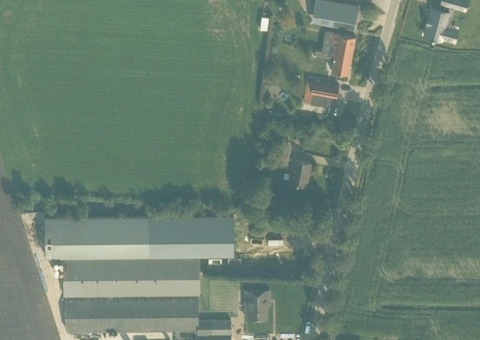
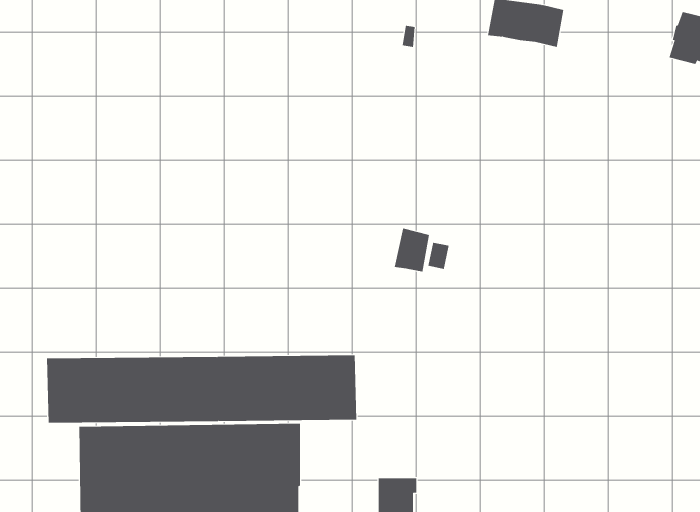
building: [320,33,354,75] -> none
building: [303,81,337,106] -> none
building: [288,160,309,187] -> [394,228,430,272]

